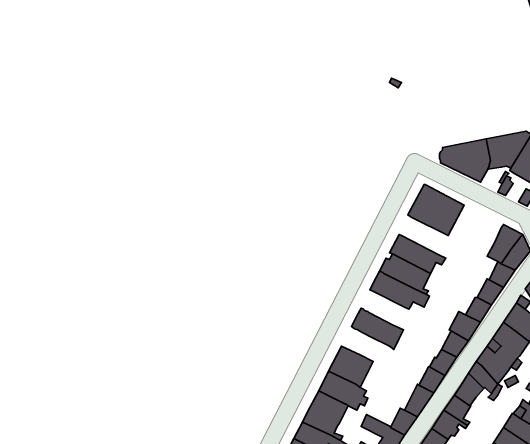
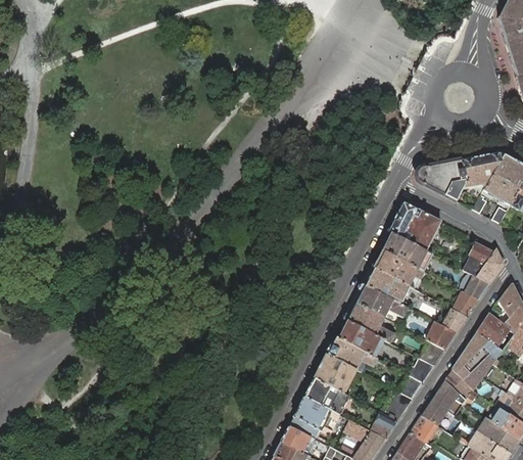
building: none -> [379,231,431,272]
building: none -> [343,302,394,343]
building: none -> [325,336,377,372]

